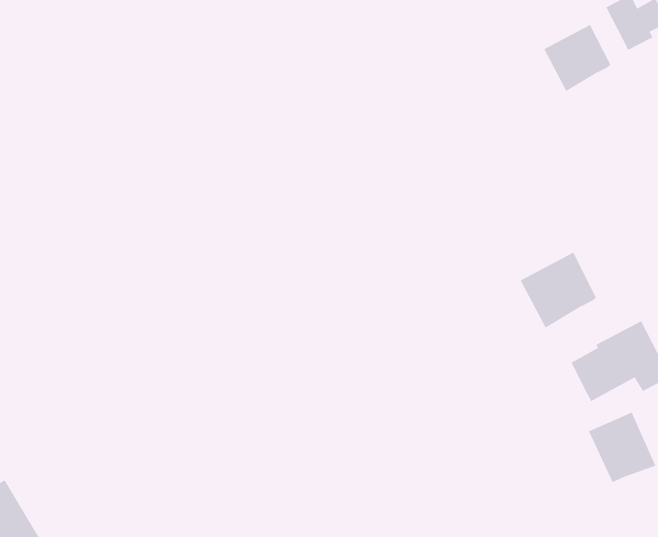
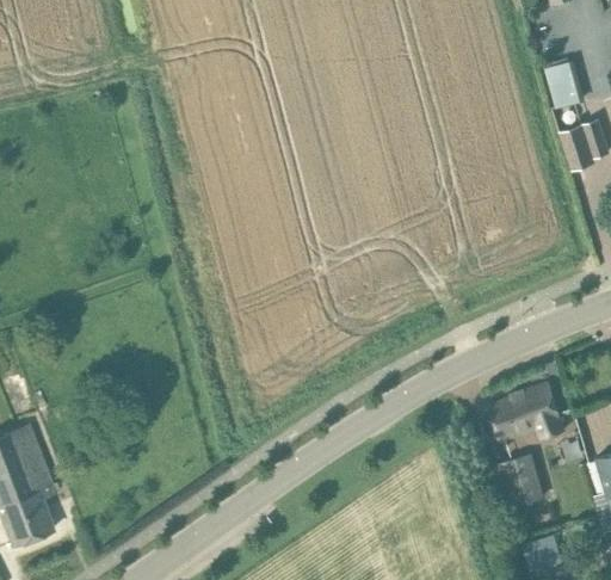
building: [544,24,611,92] -> none
building: [520,252,597,328] -> none

